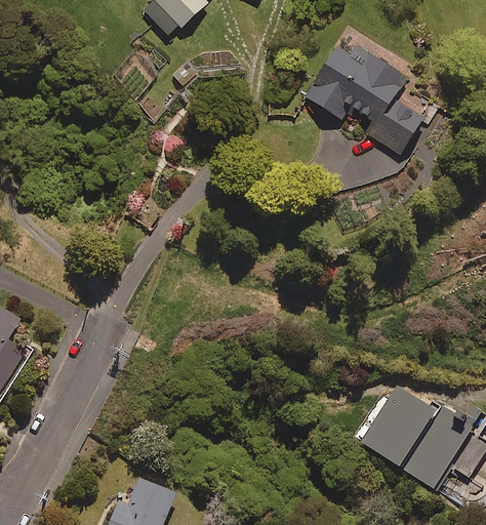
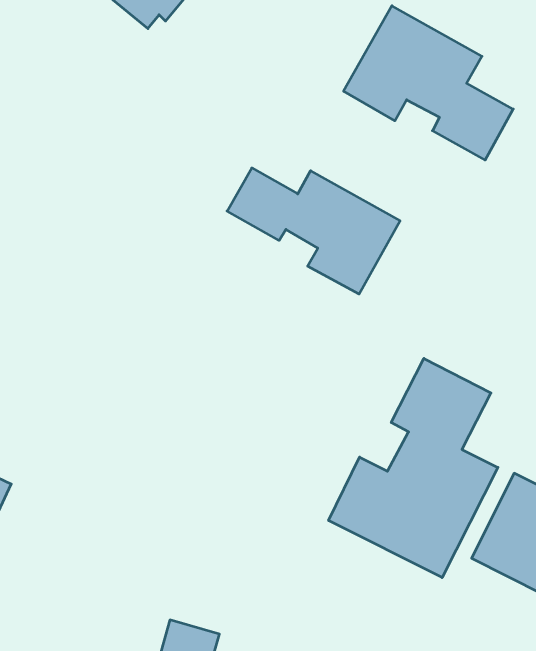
building: none -> [227,168,400,294]
building: none -> [329,358,498,578]

